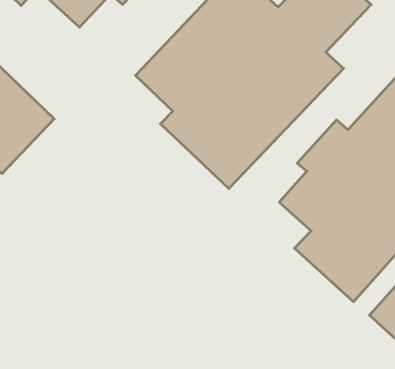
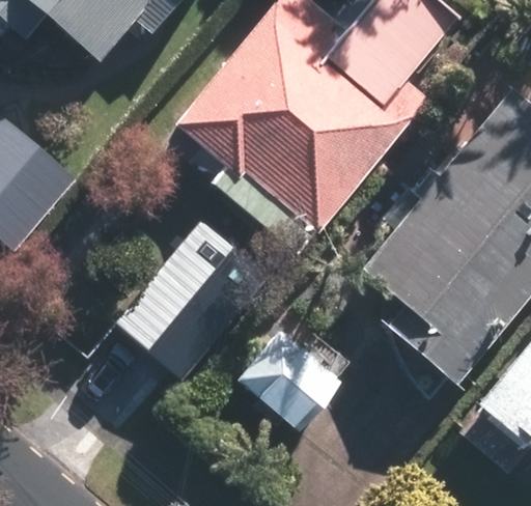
building: none -> [119,221,267,373]
building: none -> [239,321,347,429]

